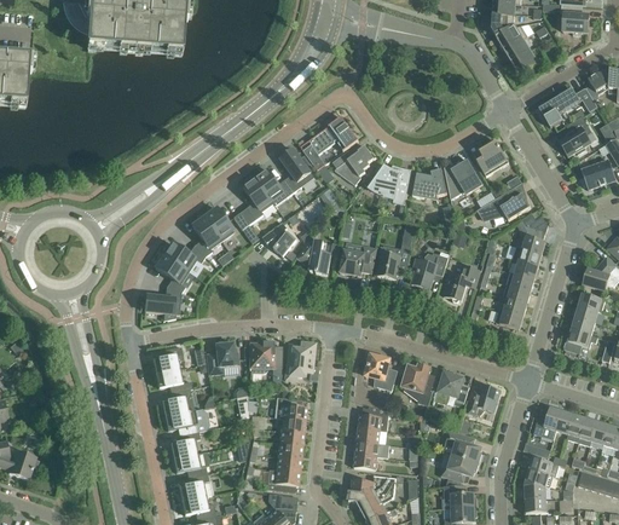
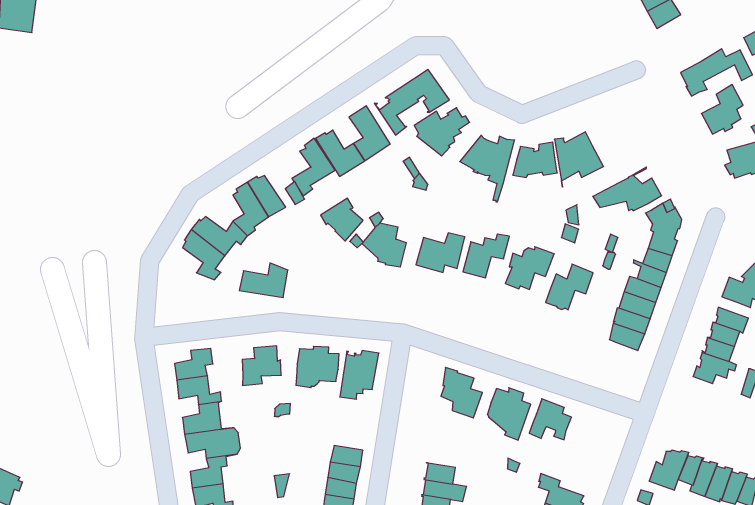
building: [475,139,509,175] -> none
building: [144,287,181,313] -> [239,263,288,297]
building: [468,383,501,415] -> none
building: [274,396,307,420] -> none
building: [357,405,388,429] -> none

